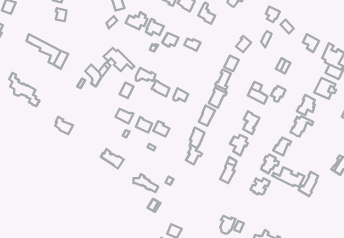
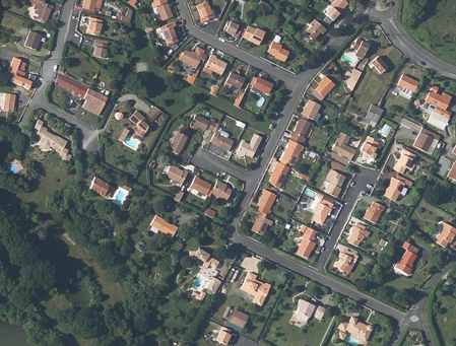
building: [104,48,134,71] -> none
building: [272,167,305,187] -> none
building: none -> [241,271,270,304]

